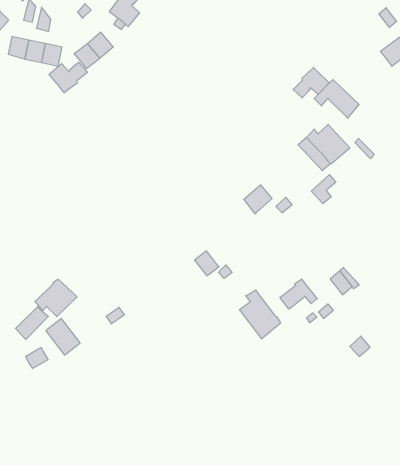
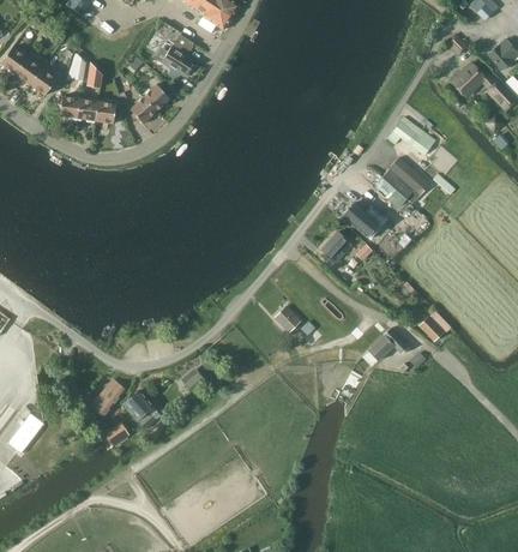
building: [49,62,87,93] -> none
building: [293,67,329,98] -> none
building: none -> [342,203,386,238]
building: [35,279,77,317] -> none
building: [240,290,280,339] -> none

